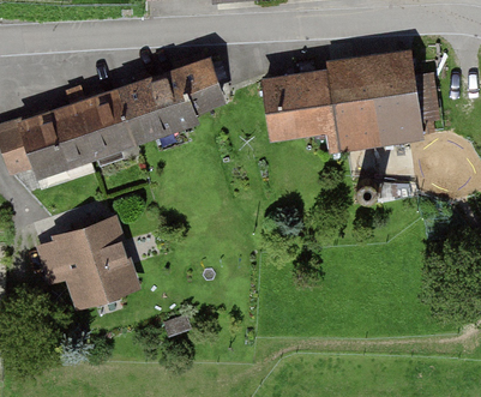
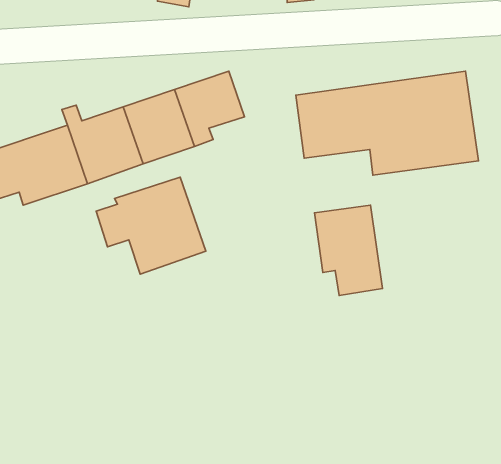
building: none -> [314,205,382,296]
building: [43,219,136,301] -> [96,177,206,274]

